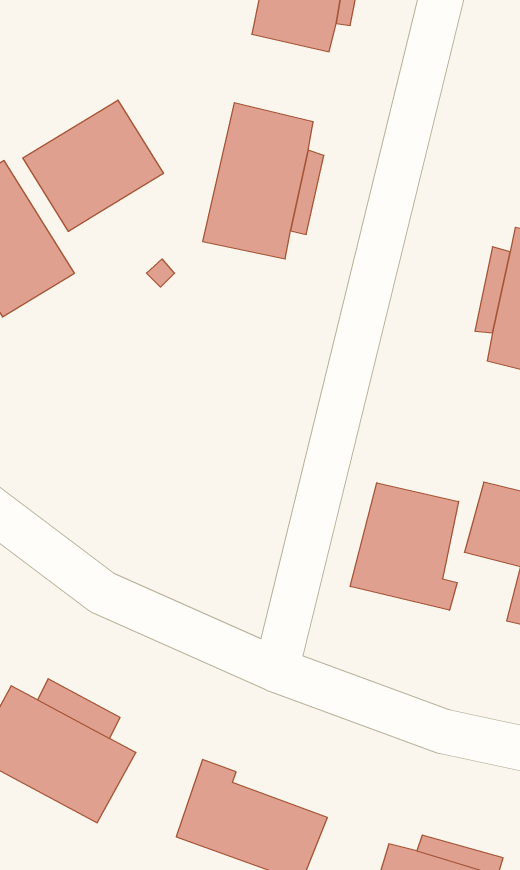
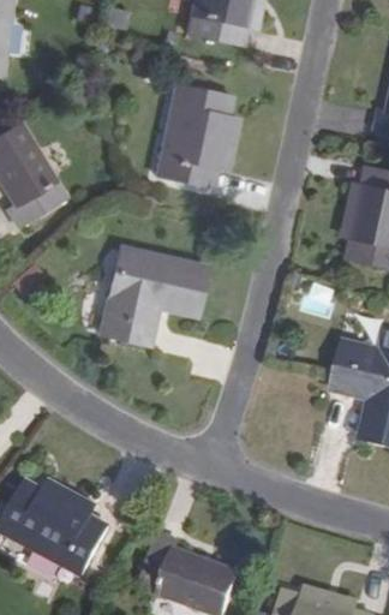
building: [23,100,163,231] -> none
building: none -> [101,249,204,344]
building: [350,483,459,610] -> none

